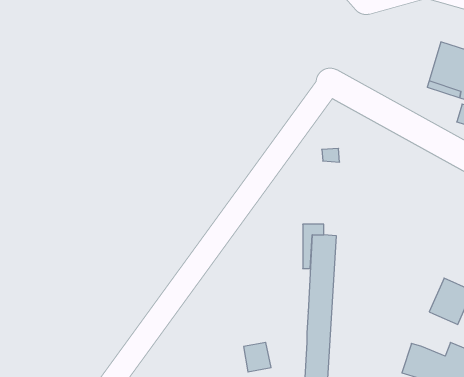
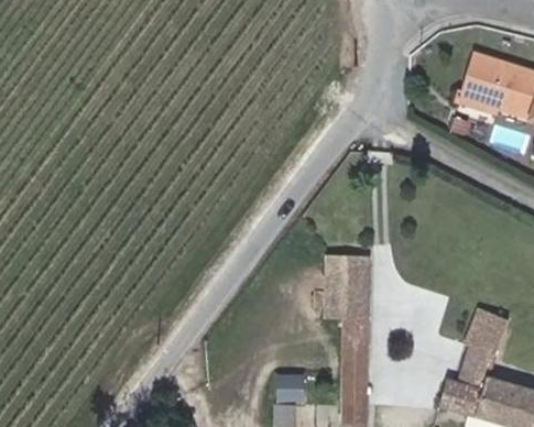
building: none -> [460,341,498,385]

